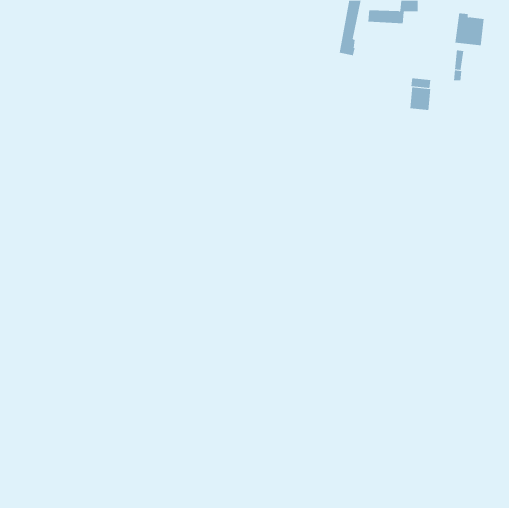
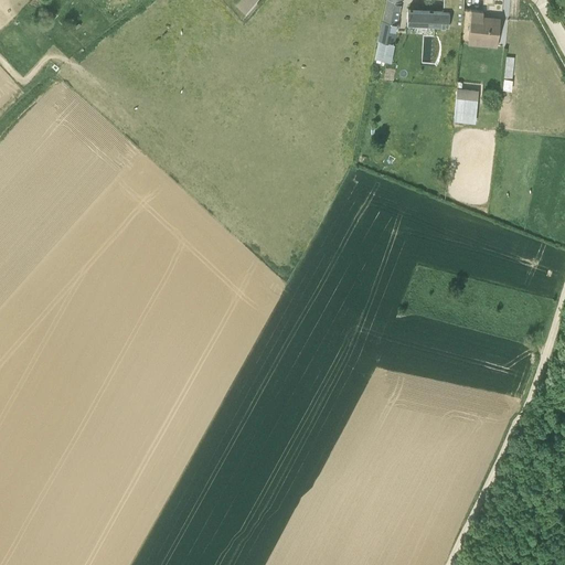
building: [454,13,484,46] -> [467,11,500,47]

